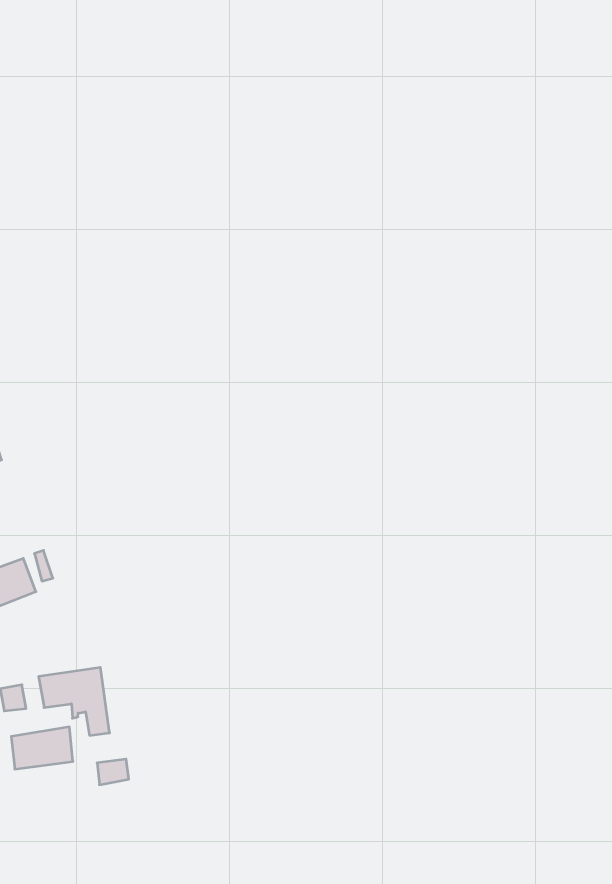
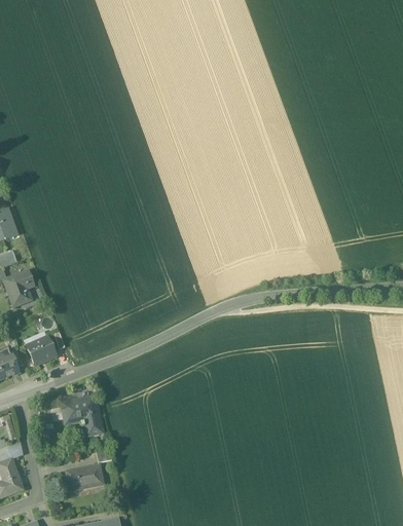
building: [11,727,73,769] -> [66,464,102,490]

